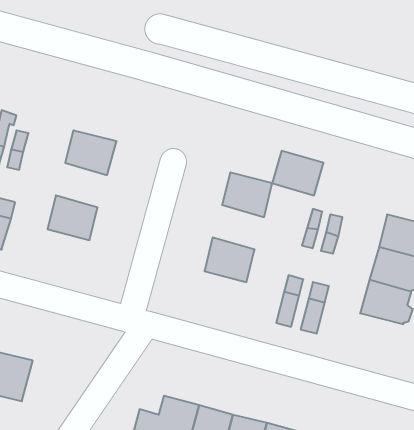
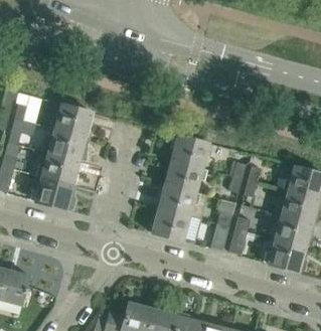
building: [272,151,324,195] -> [164,159,202,192]
building: none -> [42,128,87,161]
building: none -> [34,177,75,210]
building: none -> [151,208,189,240]
building: none -> [268,239,306,272]

